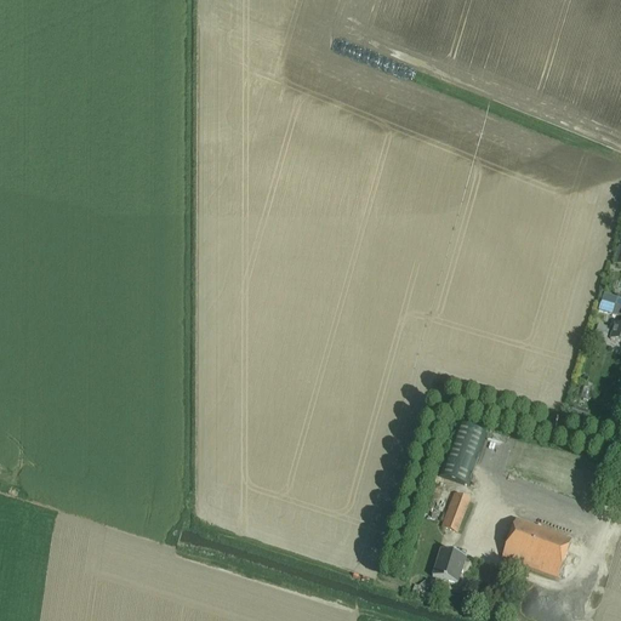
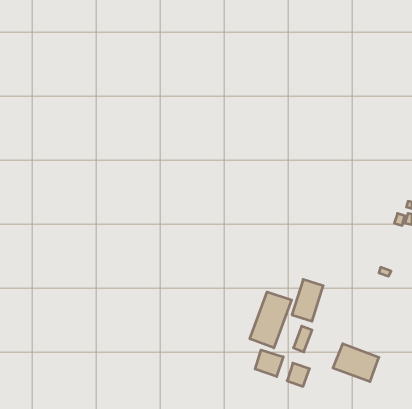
building: none -> [250,292,292,348]
building: none -> [255,350,283,377]

